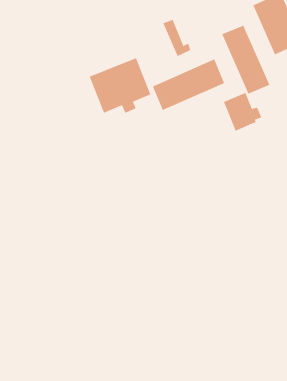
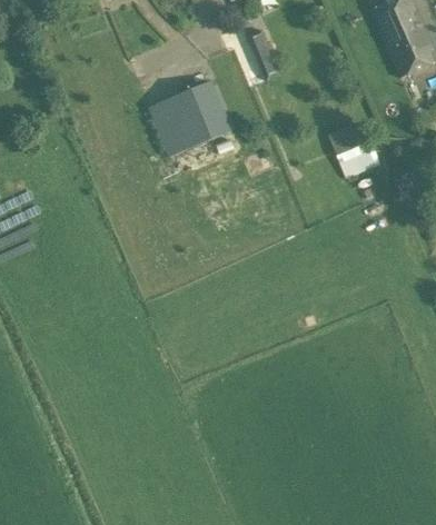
building: [221,25,270,94] -> none
building: [152,59,225,111] -> none

